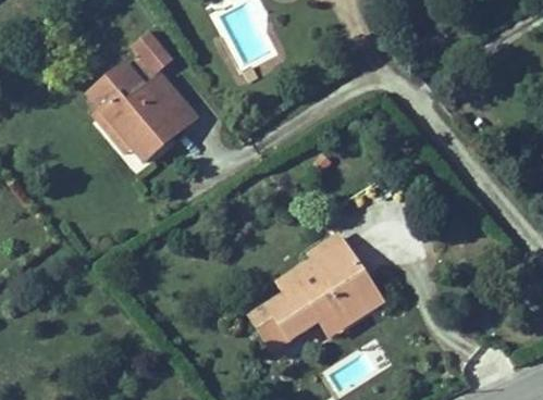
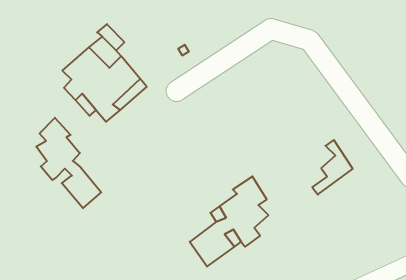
building: none -> [36,118,101,208]
building: [325,274,379,346] -> [312,140,353,195]

